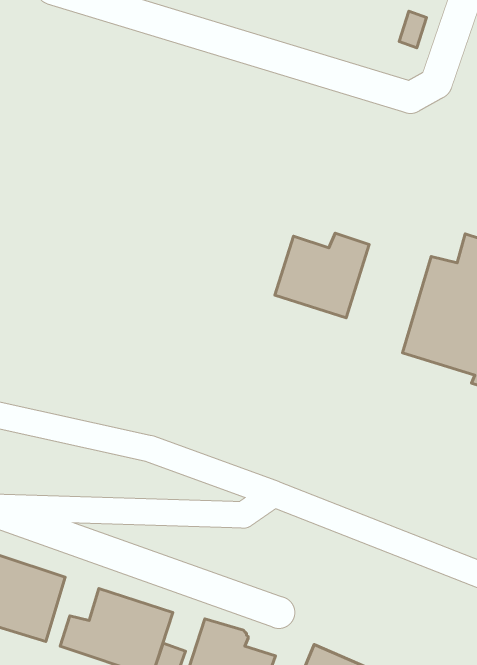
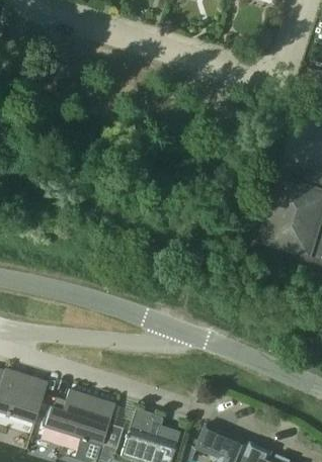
building: [275,233,369,318] -> none

